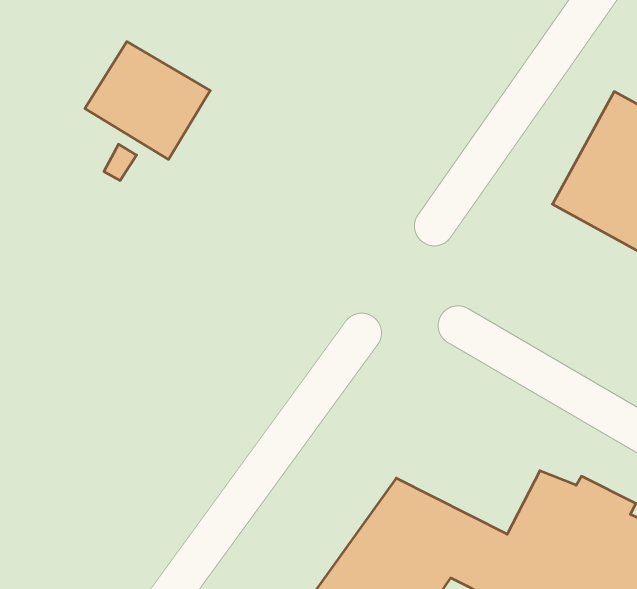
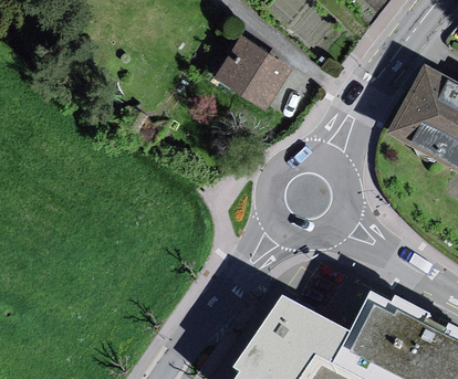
building: [85,42,210,159] -> [199,28,275,99]

